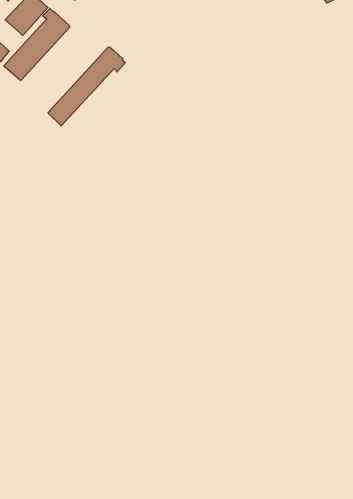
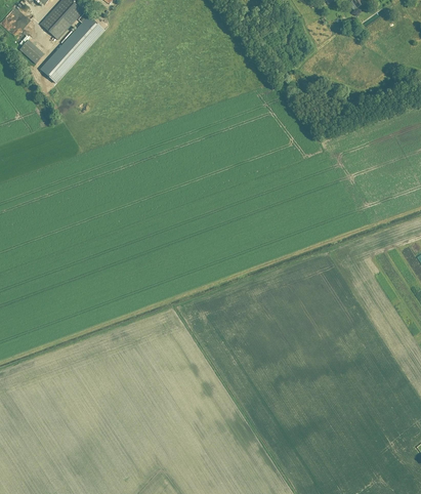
building: [48,47,125,126] -> none

